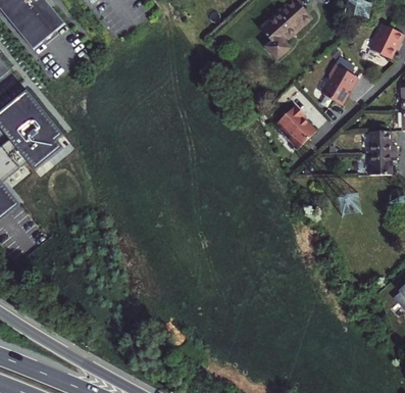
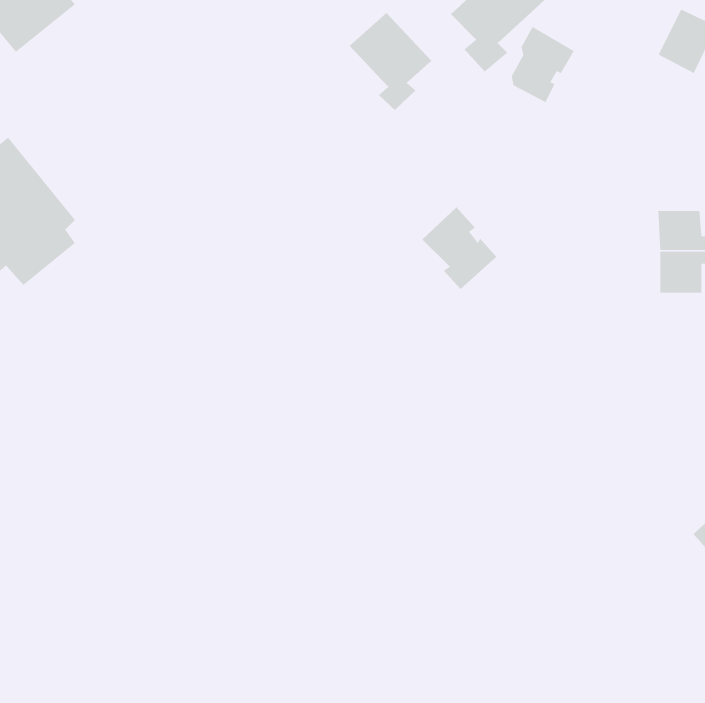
building: none -> [349,12,432,111]
building: [320,62,354,103] -> [511,26,575,103]
building: [277,105,317,149] -> [422,207,497,290]

